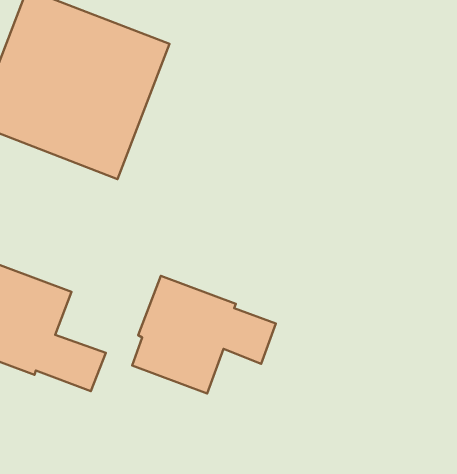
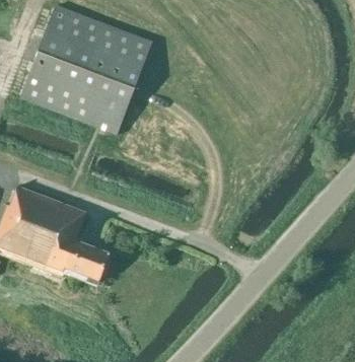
building: [132,276,276,393] -> none

